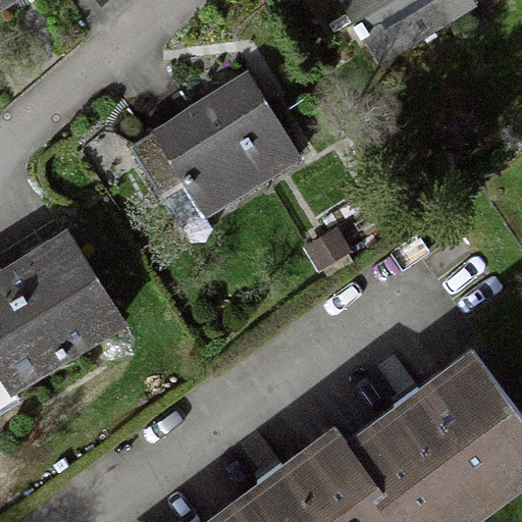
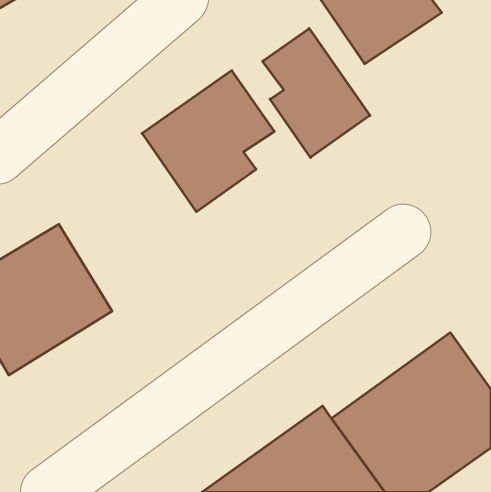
building: none -> [263,28,370,158]

